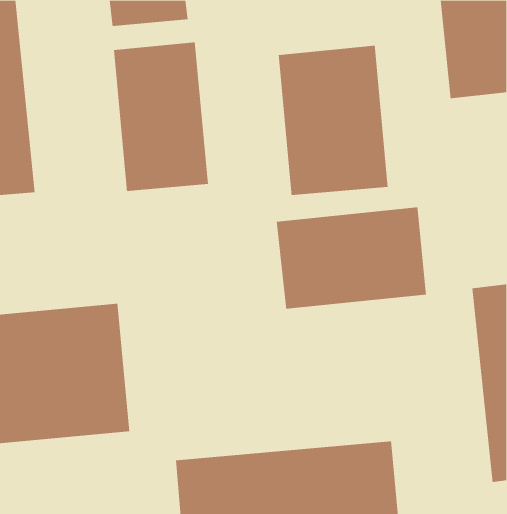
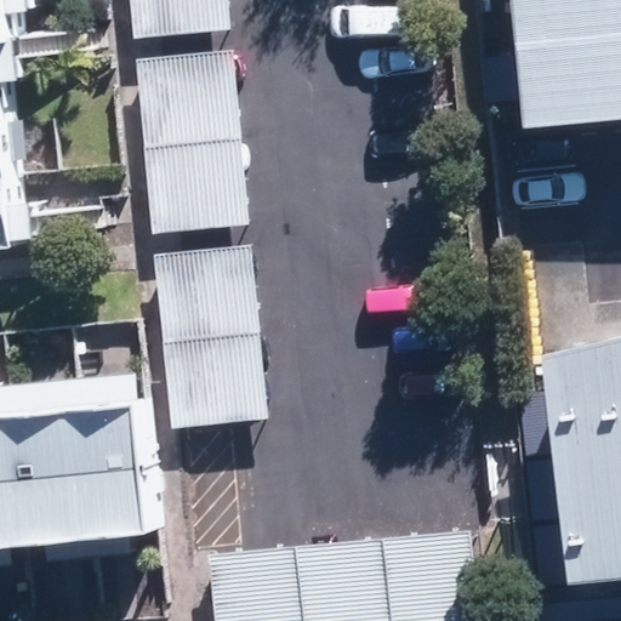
building: [278,45,388,196] -> none
building: none -> [154,250,266,426]
building: [276,207,426,309] -> none

